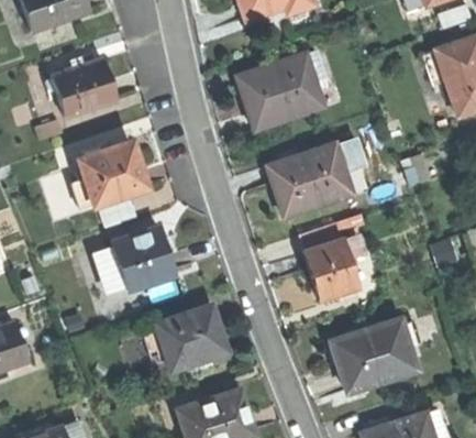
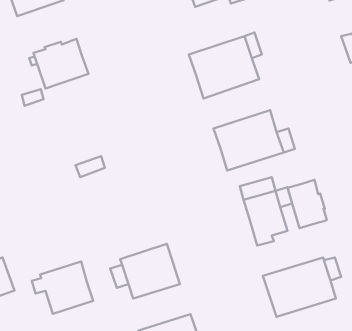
building: [71,140,146,208] -> none
building: [101,227,175,289] -> [32,262,93,314]
building: none -> [288,180,327,228]

